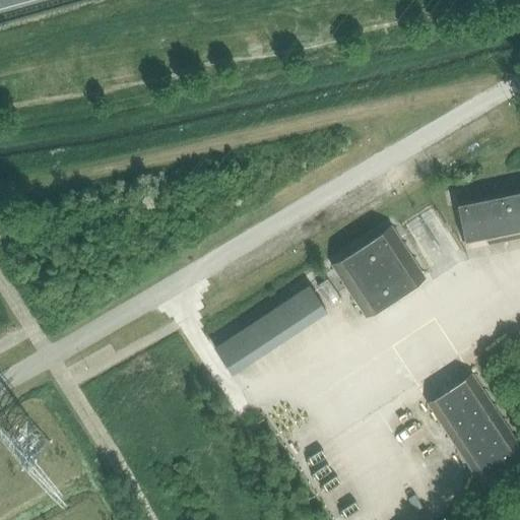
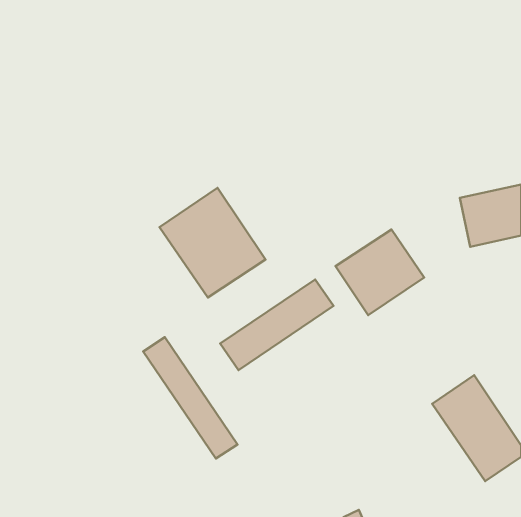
building: none -> [159,188,266,298]
building: none -> [143,337,237,459]

